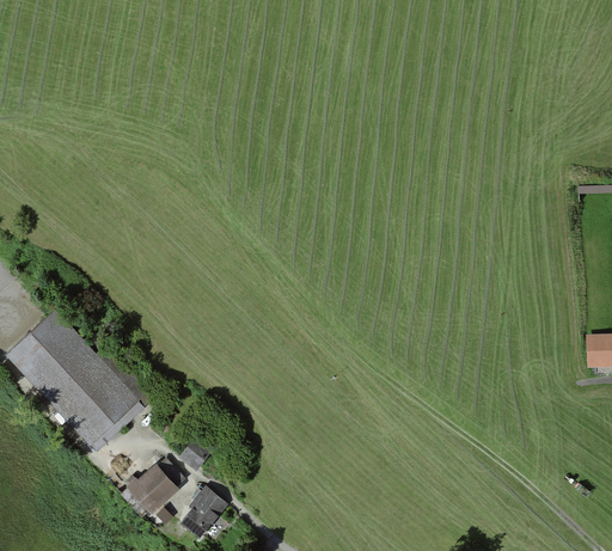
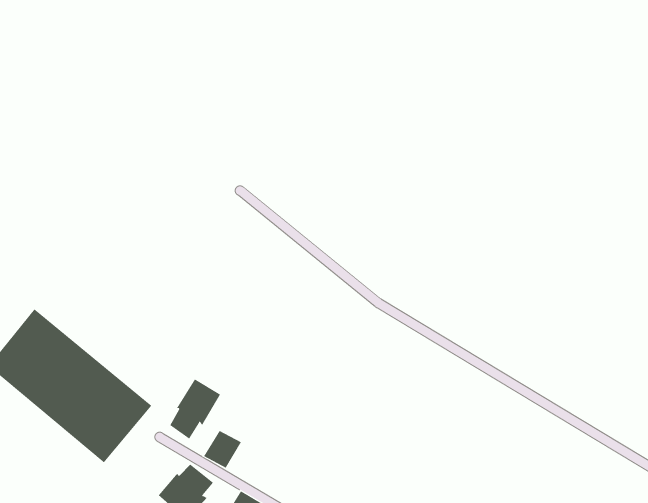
building: none -> [169,378,221,439]

